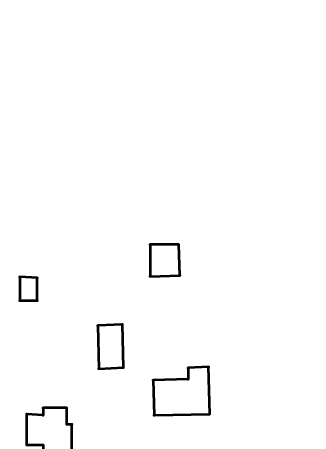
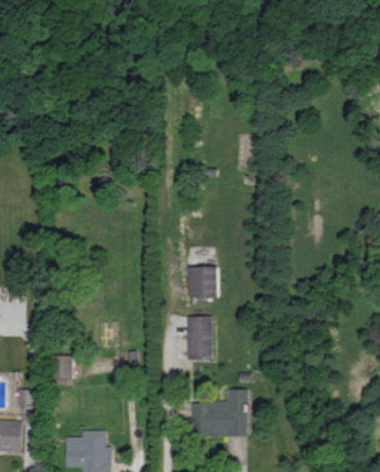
building: [20,277,37,301] -> [56,355,73,378]
building: [98,324,123,369] -> [186,316,212,360]

